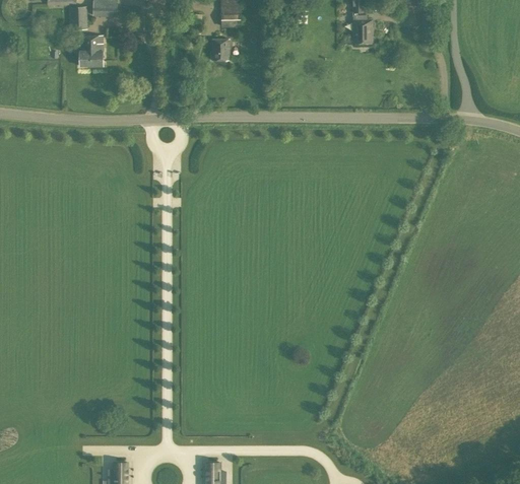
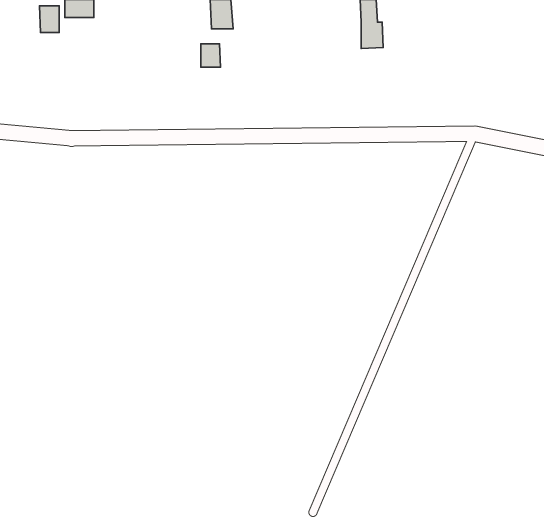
building: [79,36,103,66] -> none

